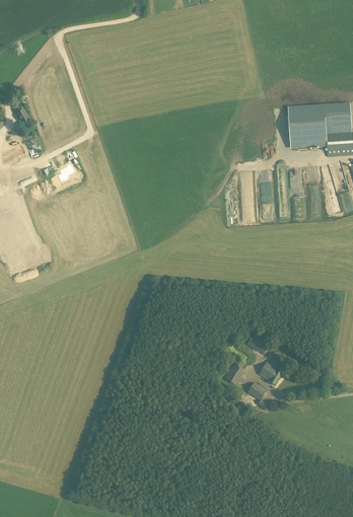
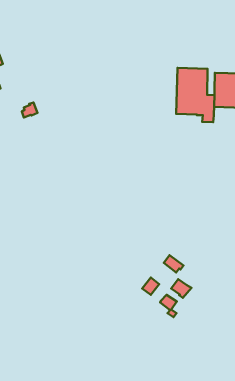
building: none -> [176,68,214,122]

